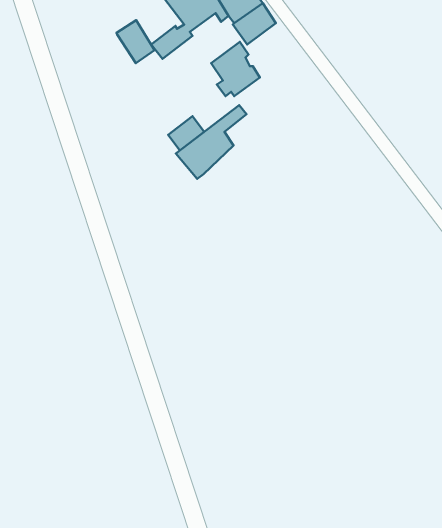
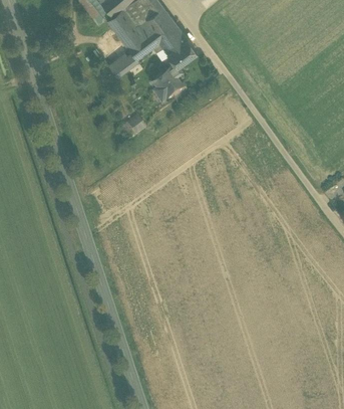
building: [116,20,154,63] -> none
building: [176,105,247,179] -> none

